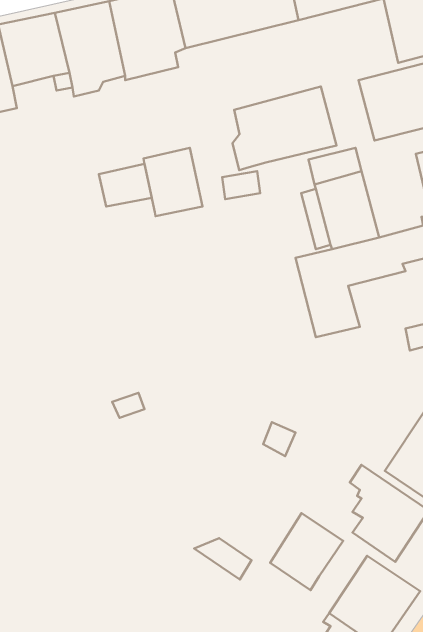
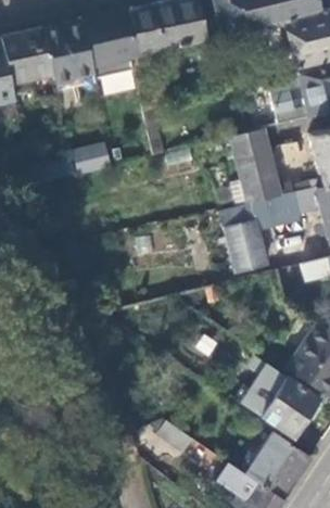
building: [232,87,336,170] -> none
building: [143,148,203,216] -> none
building: [270,513,343,590] -> none

